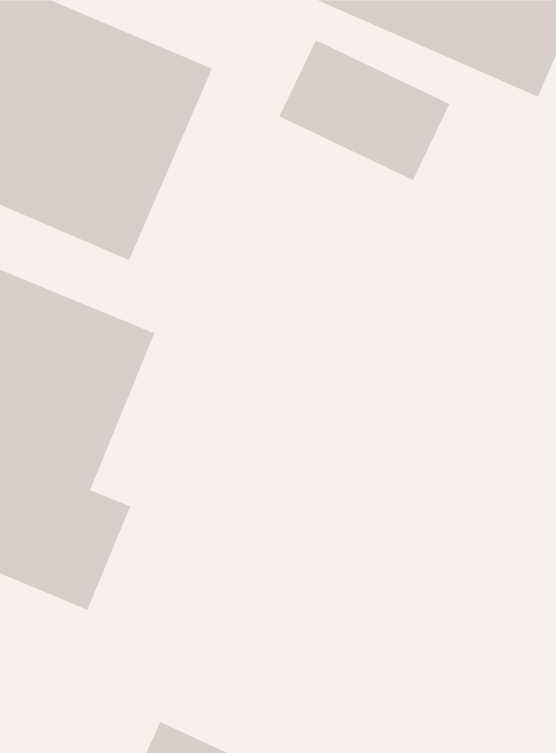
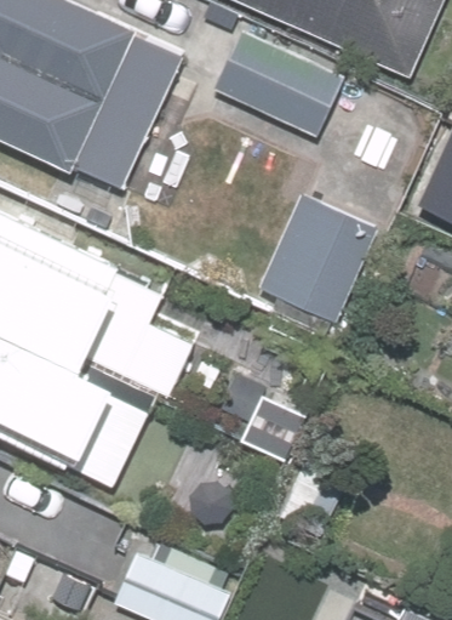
building: none -> [258,192,373,322]

